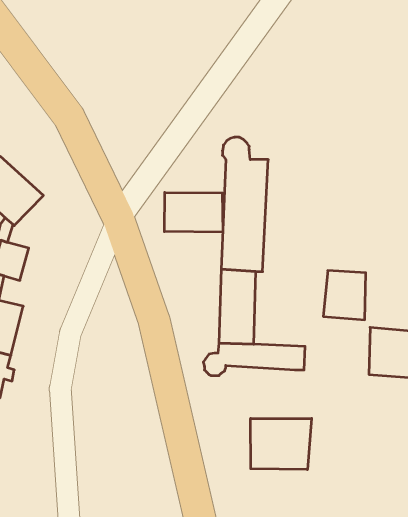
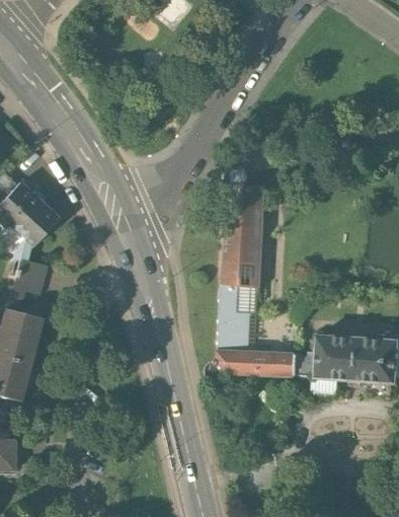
building: [164,192,223,232] -> none
building: [323,271,366,320] -> [317,336,355,380]
building: [251,418,312,470] -> none

